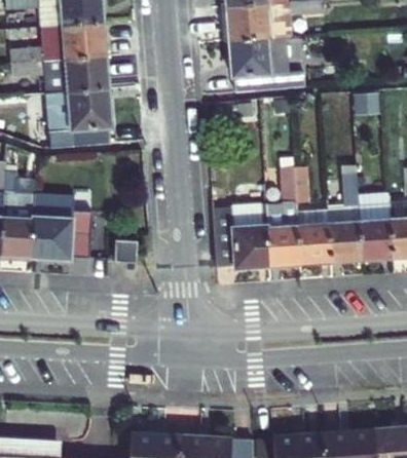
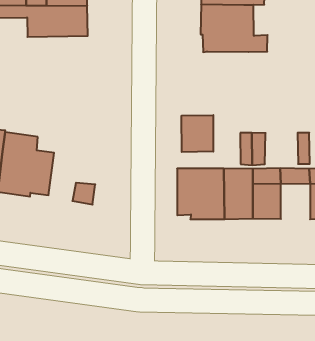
building: [46,85,113,147] -> none
building: none -> [182,115,213,152]
building: [327,222,361,262] -> none

